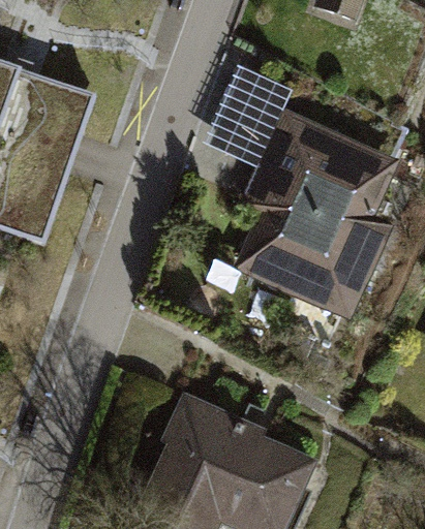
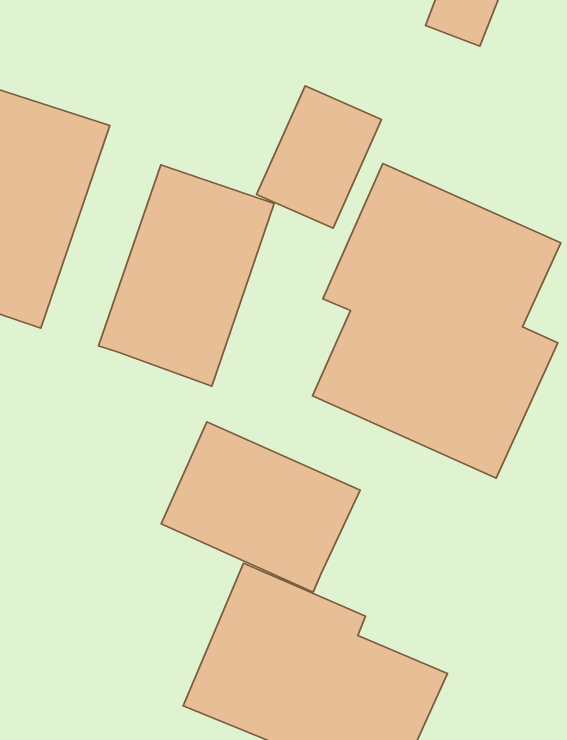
building: none -> [99,165,274,386]
building: none -> [161,422,360,592]

